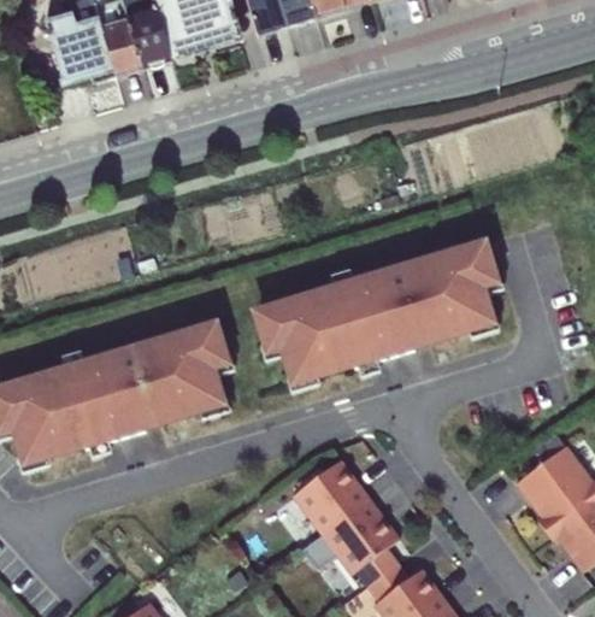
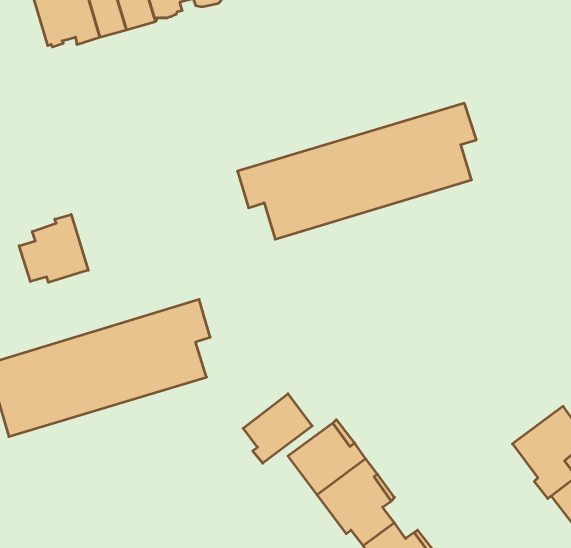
building: [259,241,496,376] -> [237,103,476,239]
building: none -> [19,214,88,282]
building: none -> [243,394,312,463]

